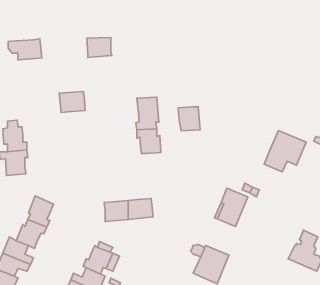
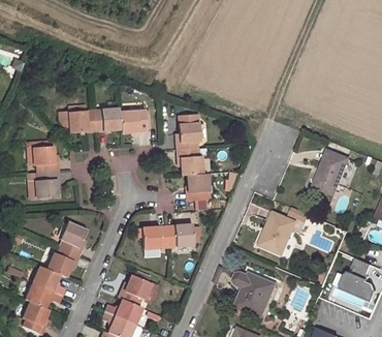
building: [87,37,112,57] -> [119,111,146,132]
building: [8,39,42,60] -> [58,110,94,132]
building: [178,107,200,131] -> [185,174,209,200]

